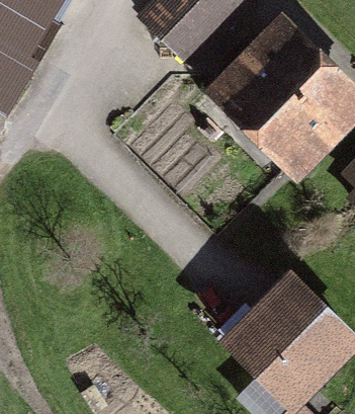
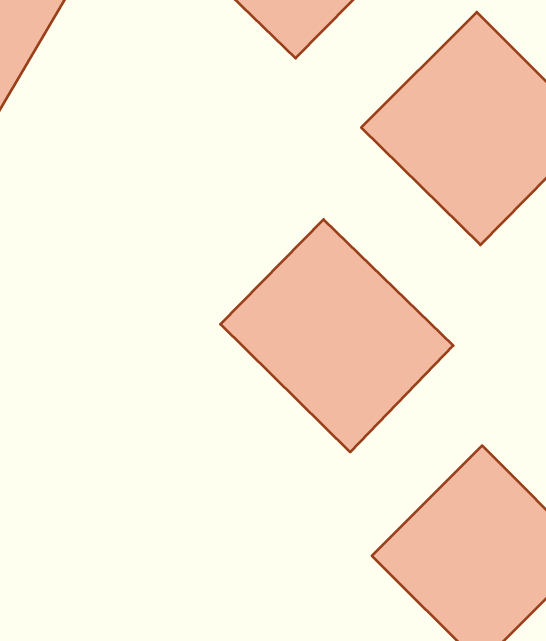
building: none -> [220,219,453,452]

